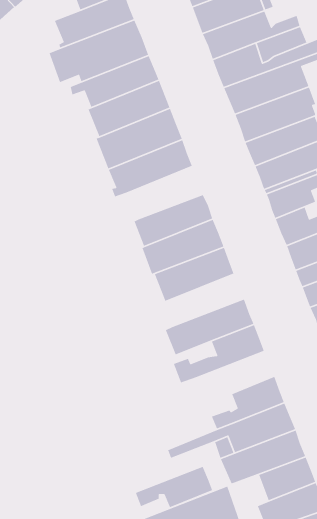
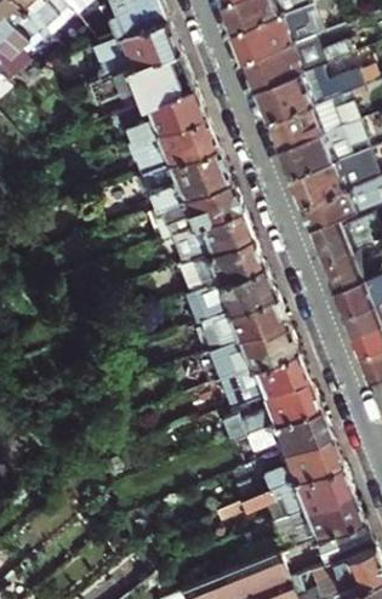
building: none -> [166,205,249,262]
building: none -> [205,321,293,378]
building: [135,466,213,508] -> [241,405,326,451]

